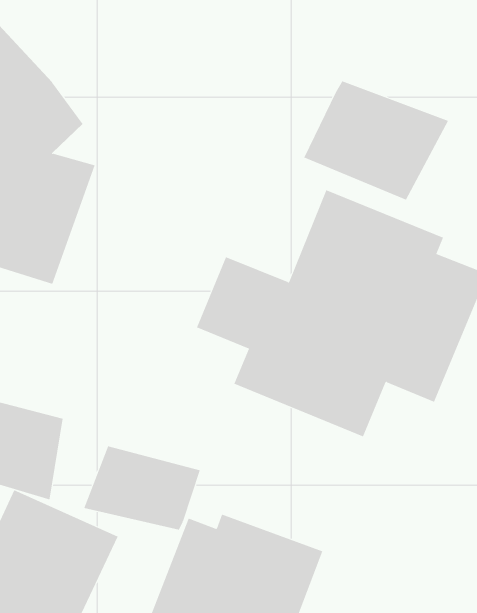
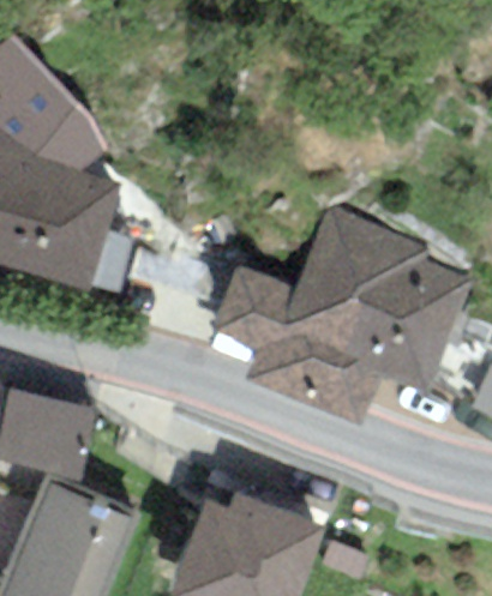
building: [304,81,449,200] -> none
building: [84,446,201,530] -> none

